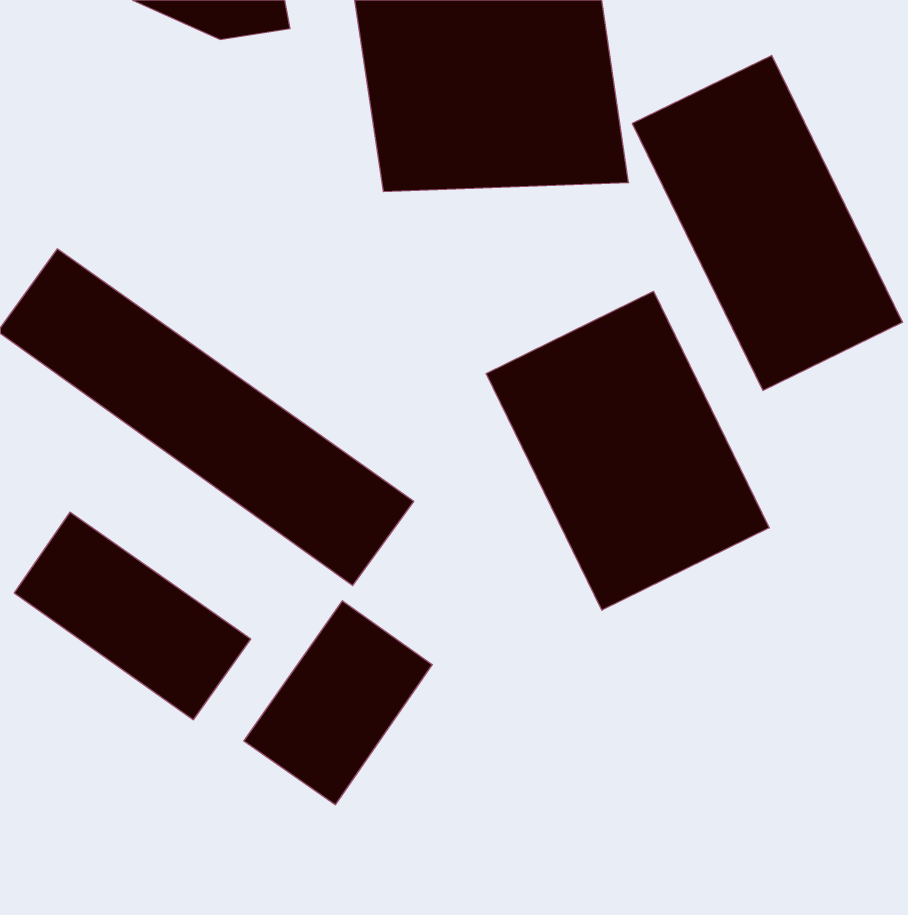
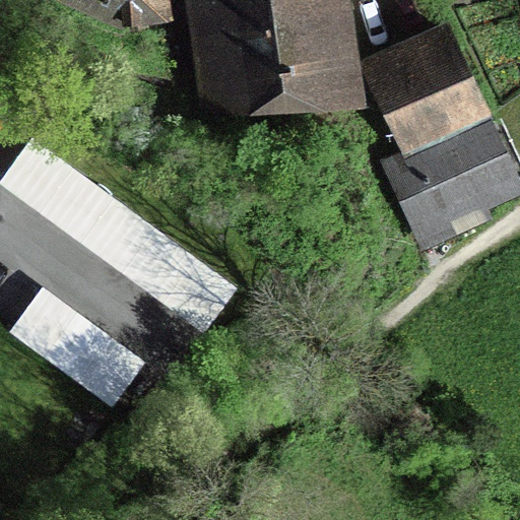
building: [486,291,769,610] -> none
building: [244,601,432,805] -> none

